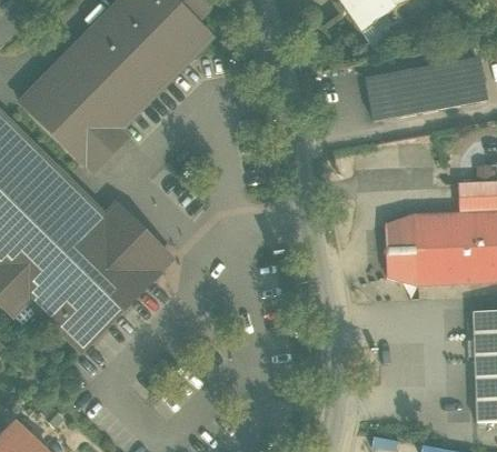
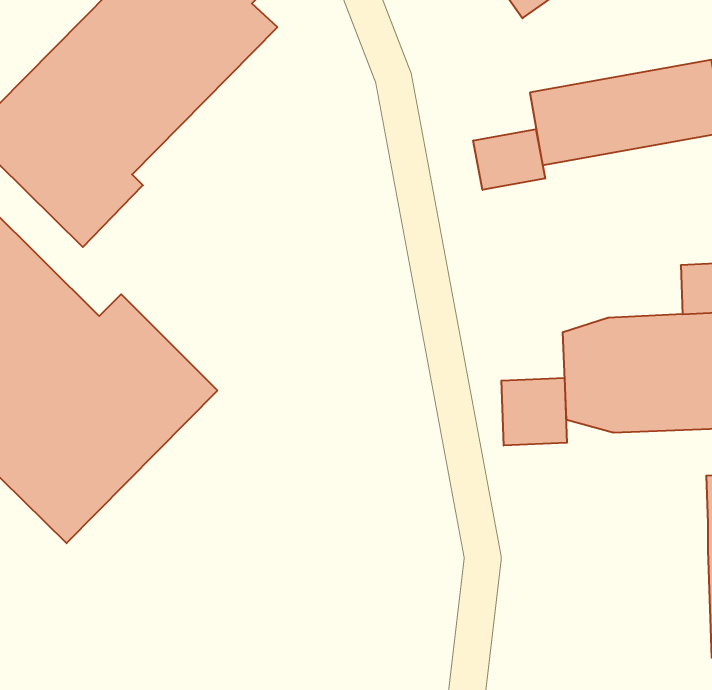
building: none -> [473,129,545,190]
building: none -> [501,378,567,446]

